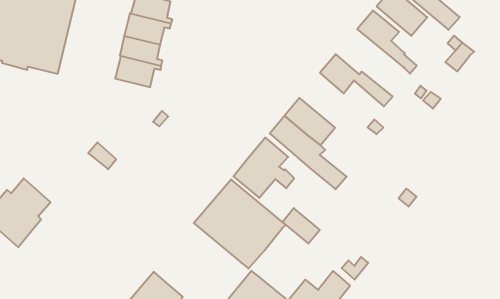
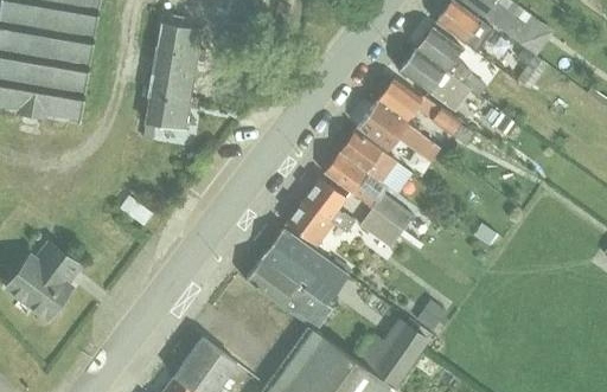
building: none -> [398,49,471,111]
building: none -> [357,101,440,159]
building: [282,208,320,244] -> [359,208,402,248]

